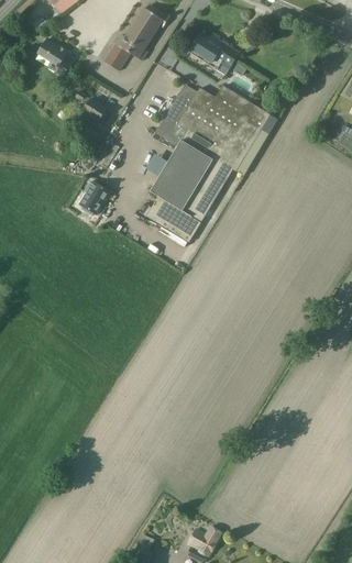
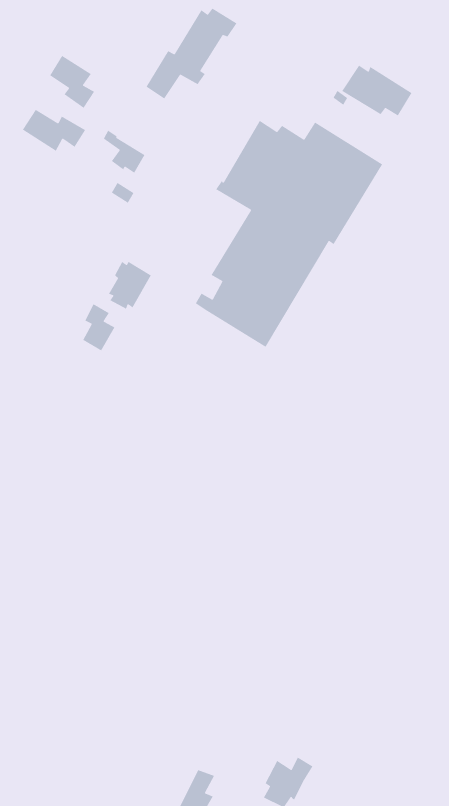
building: [189,33,239,69] -> [341,64,413,117]
building: none -> [22,109,86,152]
building: none -> [82,303,116,352]

